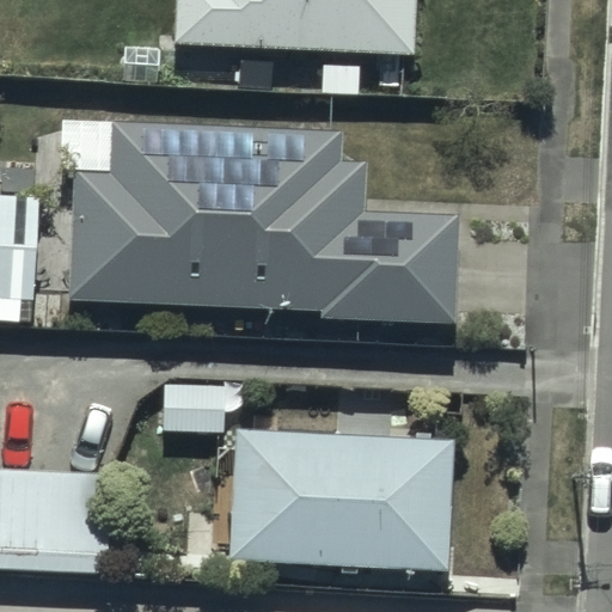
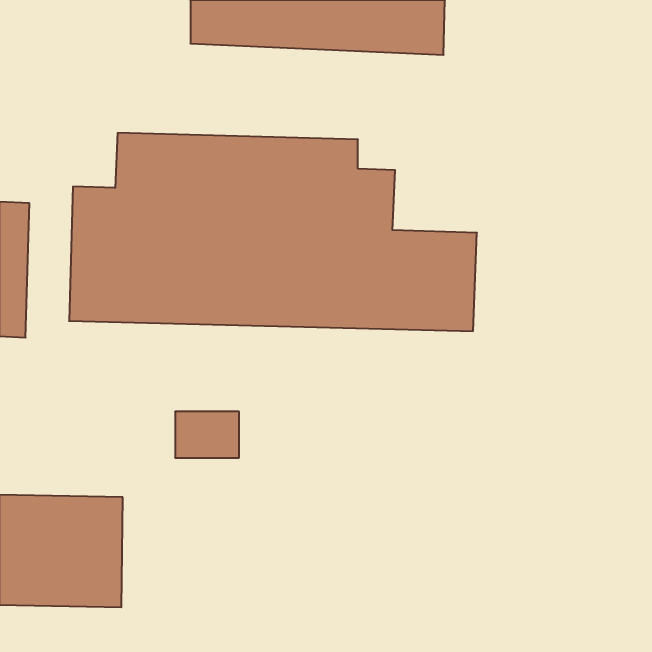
building: [233,433,452,567] -> none

